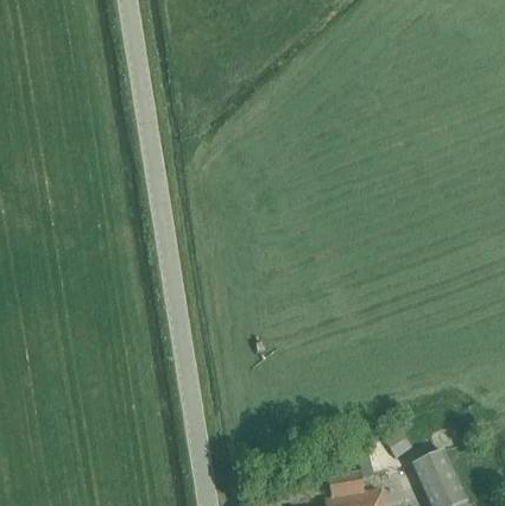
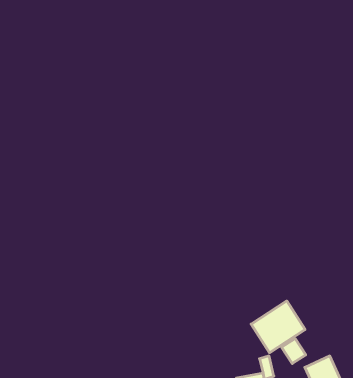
building: none -> [251,301,305,353]

